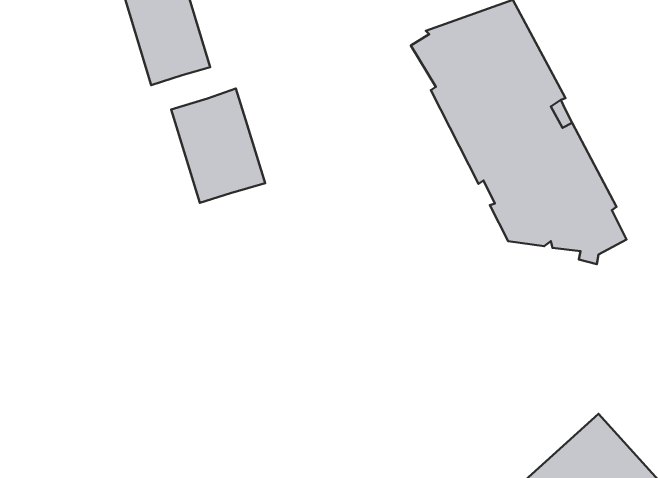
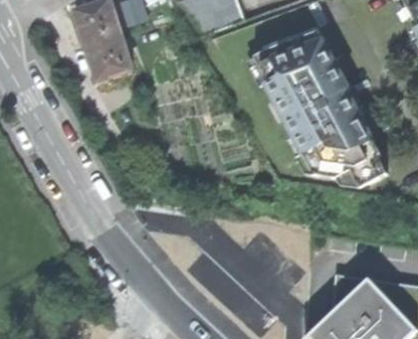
building: [171,89,265,203] -> none

